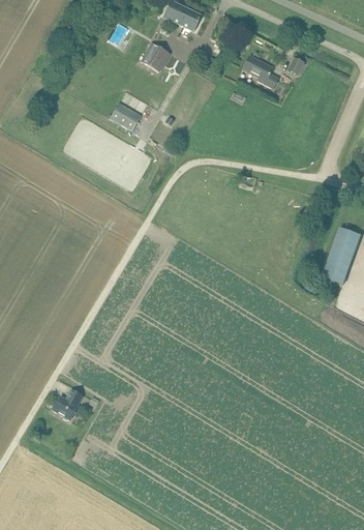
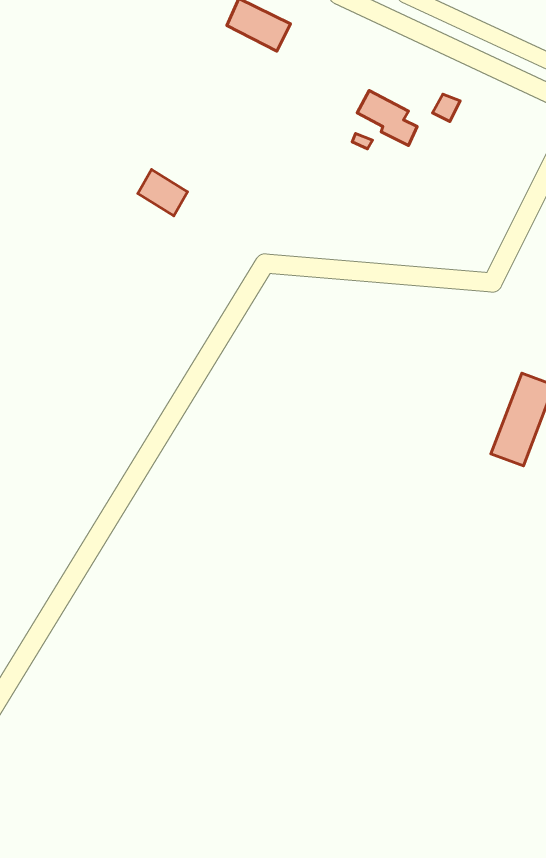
building: [140,42,169,70] -> none
building: [51,389,81,419] -> none

